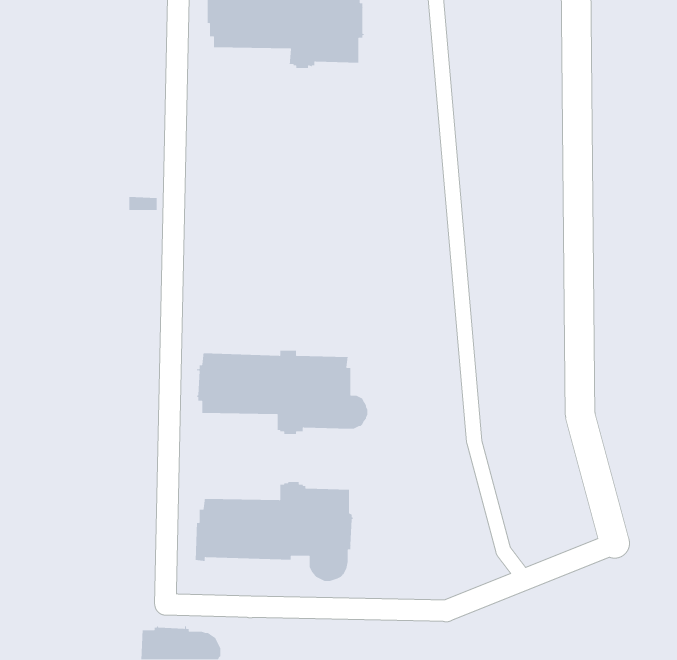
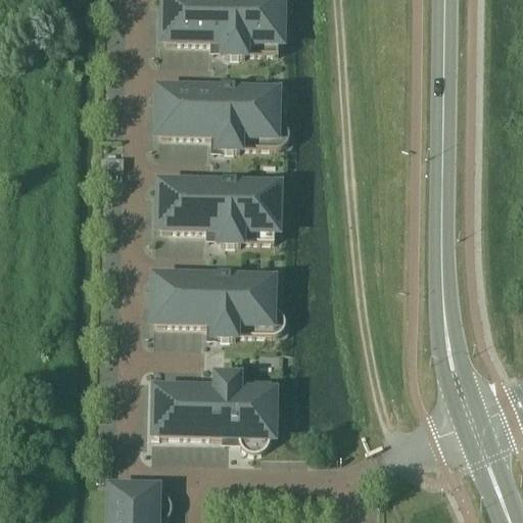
building: none -> [155,82,288,147]
building: none -> [155,176,278,241]

